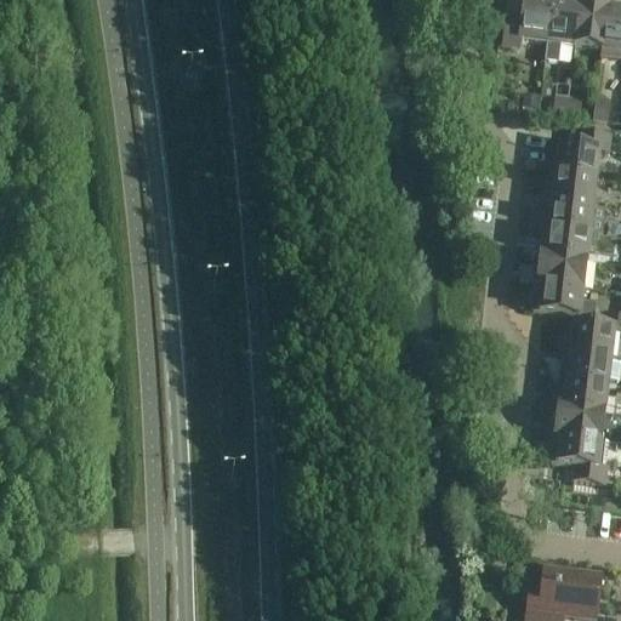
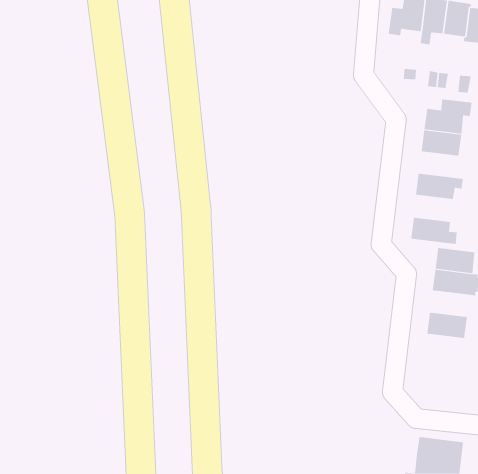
building: [542,195,596,229] -> none
building: [536,251,588,286] -> none
building: [557,375,610,409] -> none
building: [551,431,609,480] -> none

